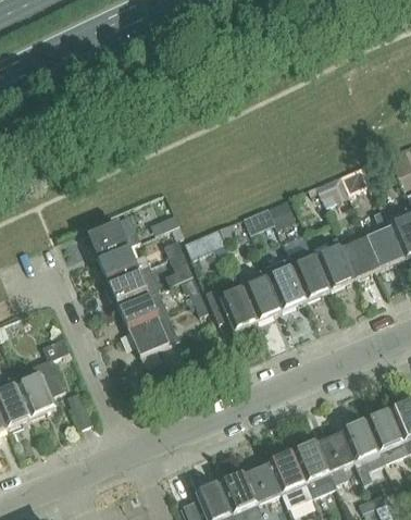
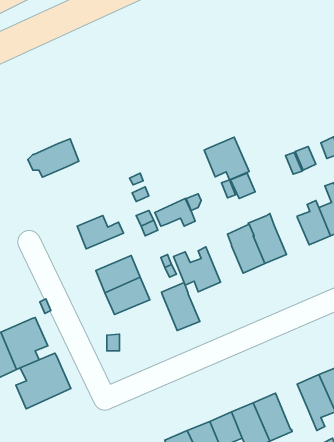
building: none -> [204,137,249,180]
building: [82,215,138,258] -> [28,139,79,177]
building: [312,236,354,289] -> none
building: [104,265,160,307] -> none
building: [239,267,282,320] -> [162,282,200,330]
building: none -> [16,353,71,409]
building: [317,433,353,483] -> none

